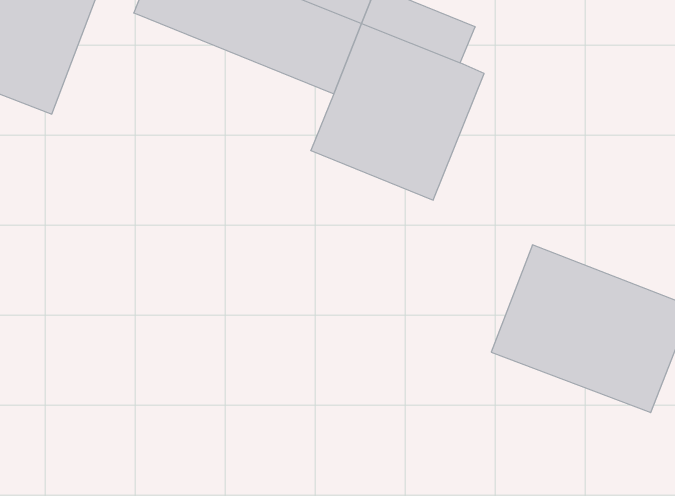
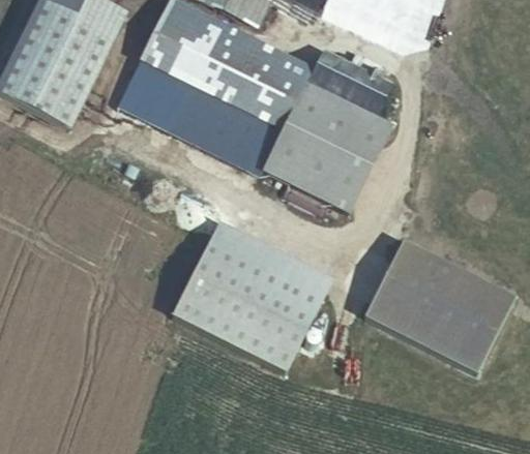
building: none -> [115,56,276,172]
building: none -> [181,223,340,373]

